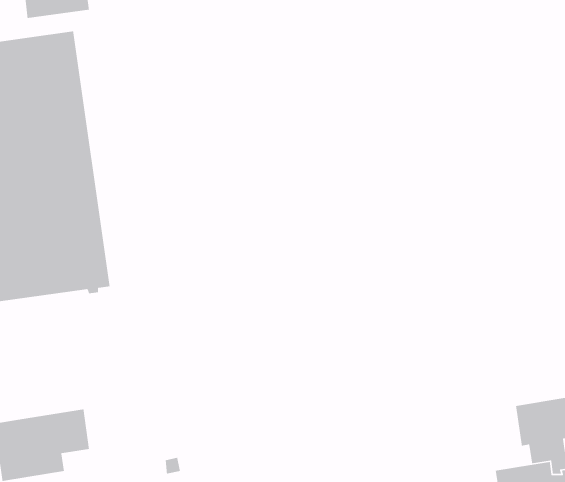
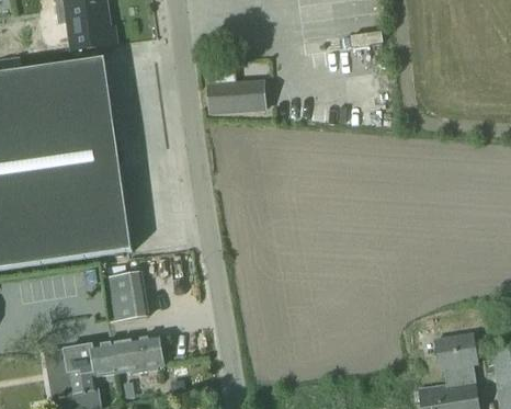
building: none -> [207,68,266,112]
building: none -> [103,270,148,320]
building: none -> [112,333,162,372]

